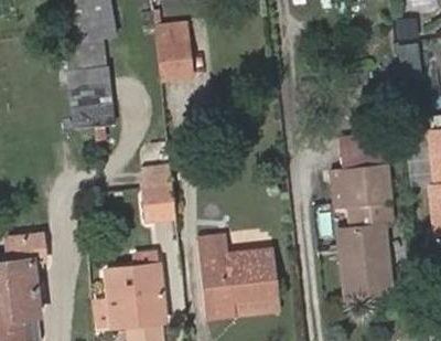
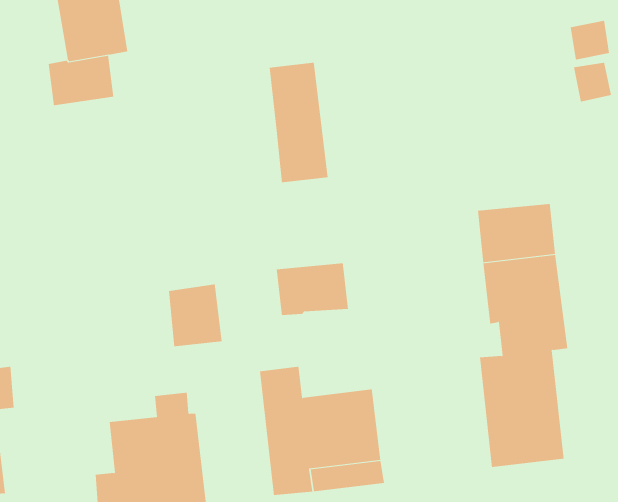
building: [154,22,192,98] -> [269,62,328,183]
building: [68,64,114,128] -> none
building: none -> [276,262,348,316]

